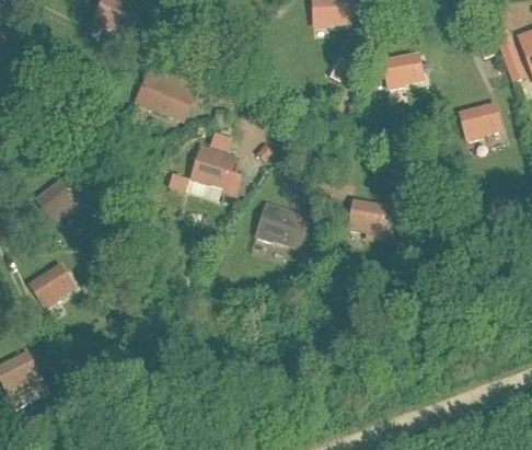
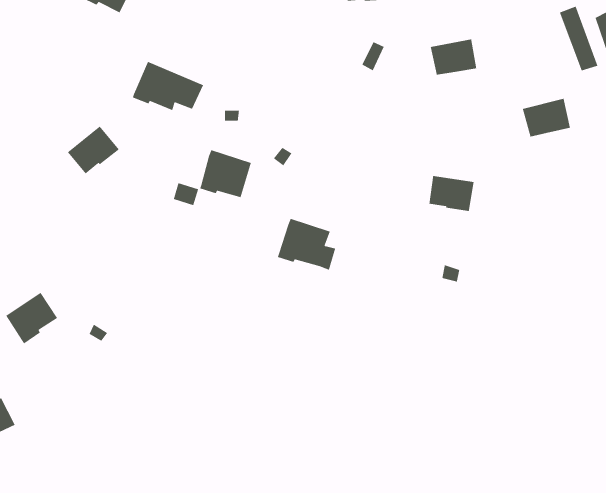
building: [37,177,81,218] -> [67,126,120,174]
building: [350,200,389,231] -> [429,175,475,212]

